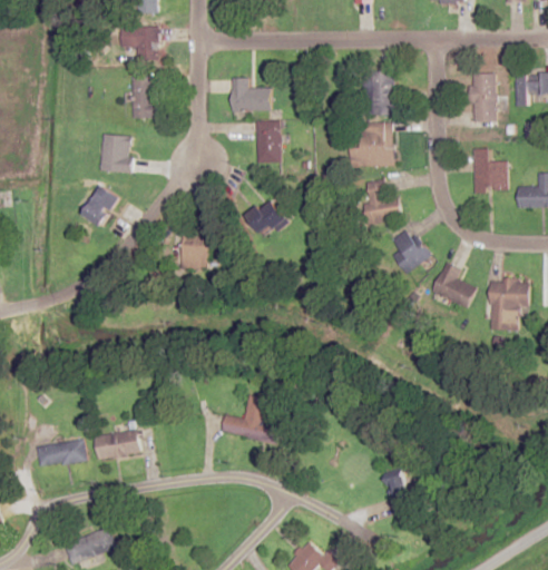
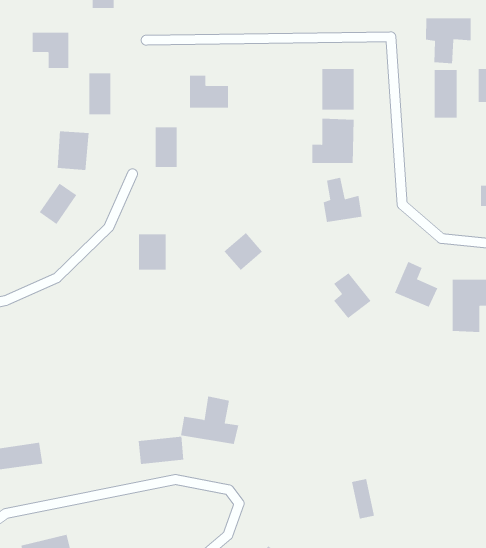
building: none -> [426,17,471,64]
building: [120,27,157,62] -> [32,32,69,69]
building: [256,121,278,161] -> [155,127,177,168]
building: [472,148,508,193] -> none
building: [246,198,285,236] -> [223,232,263,271]
building: [392,228,430,274] -> [333,272,372,319]
building: [95,431,140,459] -> [138,436,184,465]

